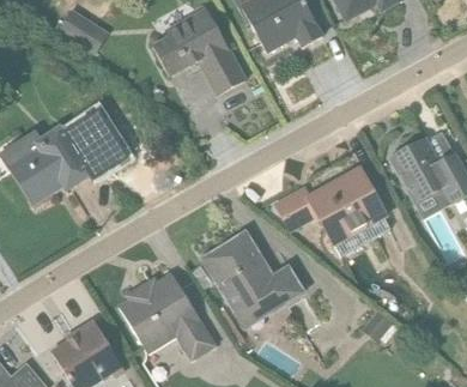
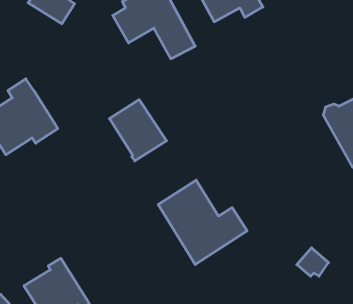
building: [63,109,128,179] -> [109,100,167,161]
building: [275,168,389,255] -> none
building: [119,274,214,359] -> none

